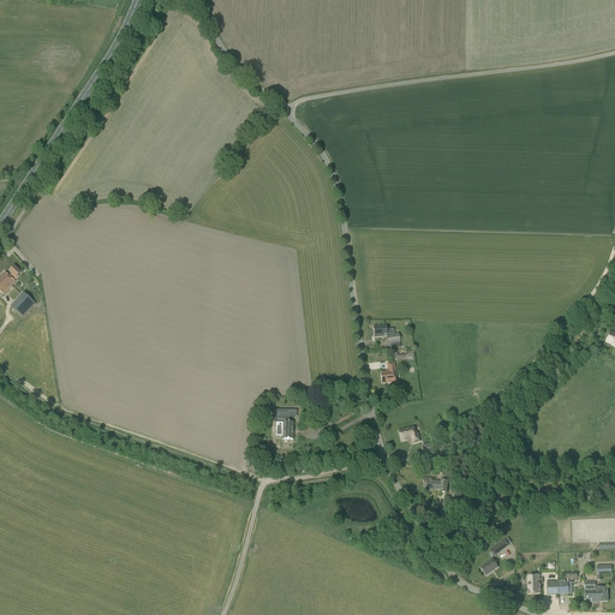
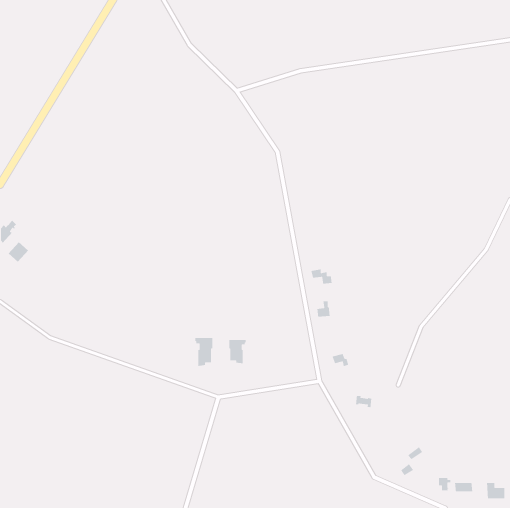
building: none -> [195,337,213,367]

